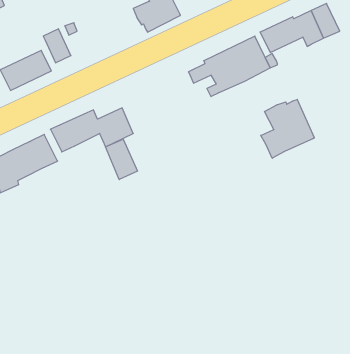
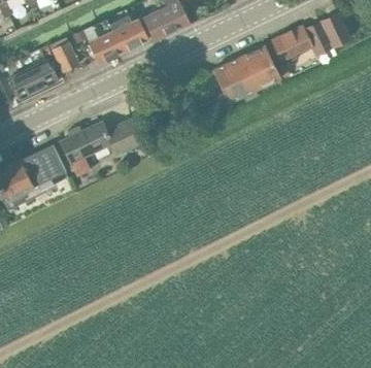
building: none -> [83,15,150,63]
building: [261,99,314,158] -> none
building: [106,139,138,180] -> none

